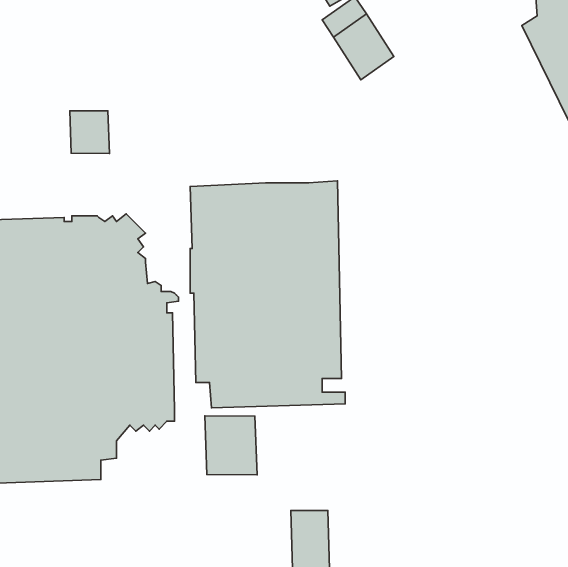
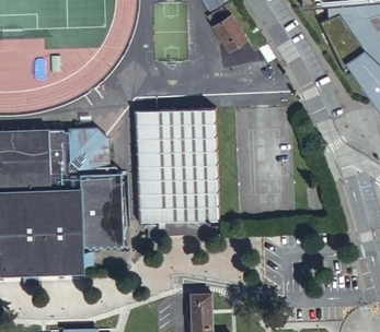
building: [70,111,109,154] -> none
building: [205,416,257,475] -> none

